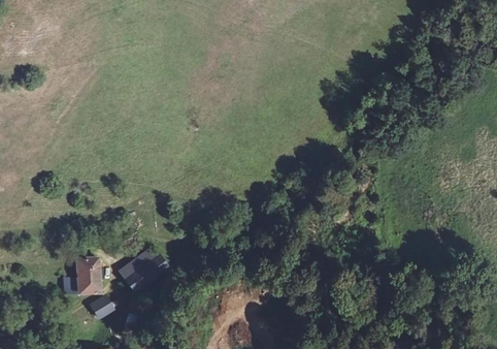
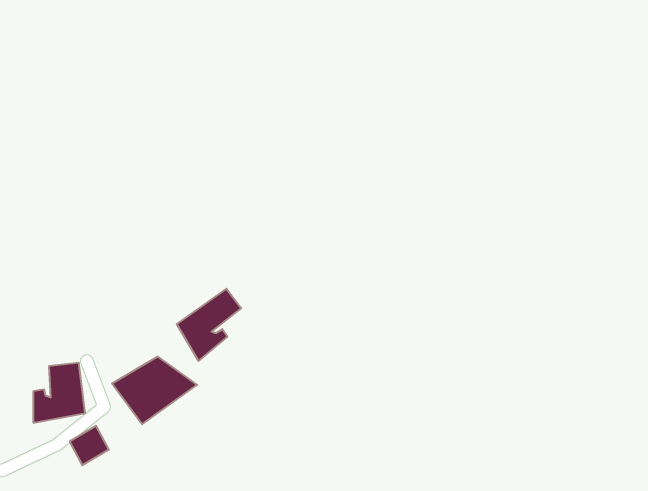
building: none -> [177,289,241,361]

